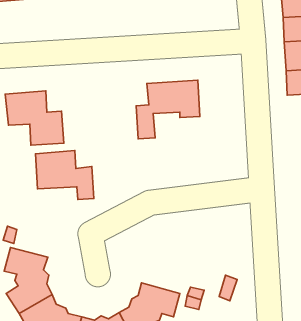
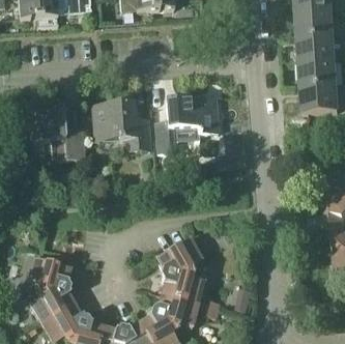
building: [35,151,94,200] -> [94,102,151,149]
building: none -> [155,237,204,303]

